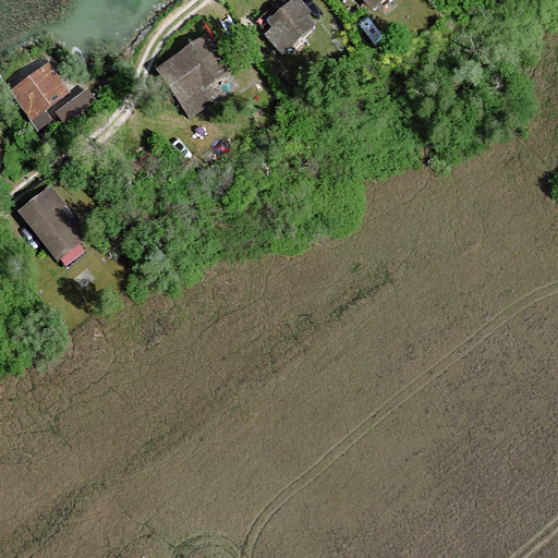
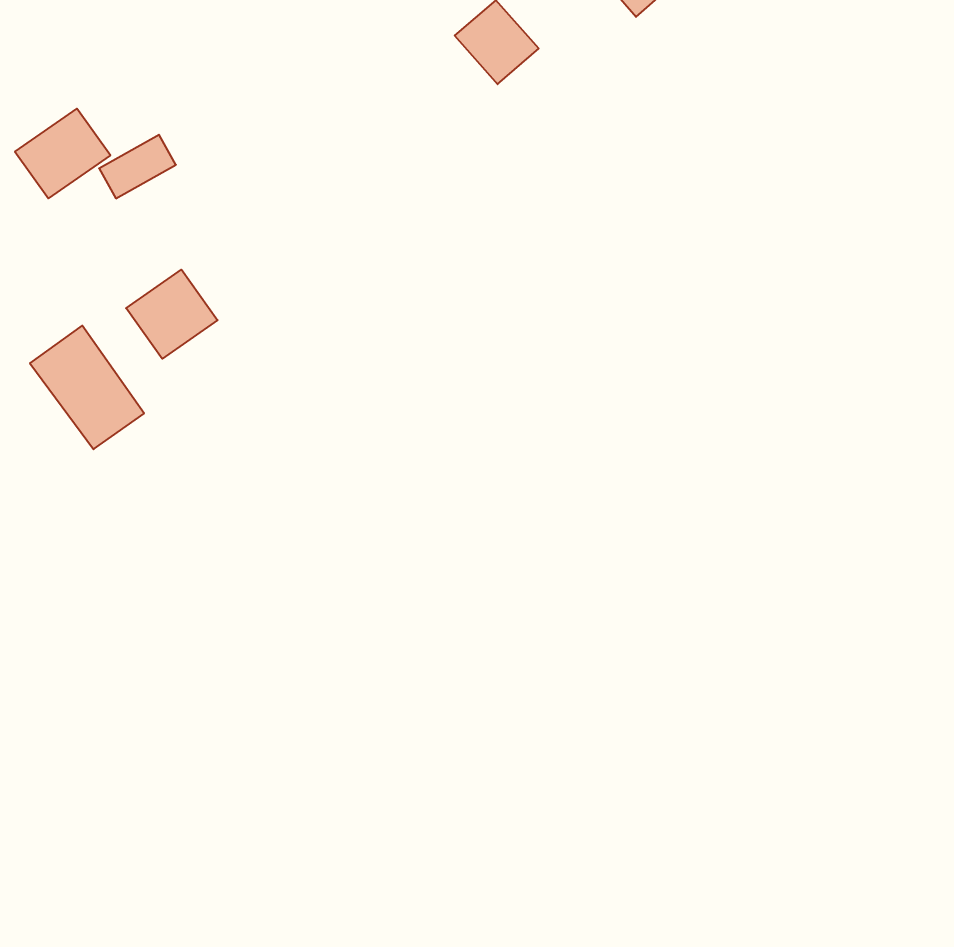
building: [159,34,236,111] -> none
building: none -> [126,270,218,359]

